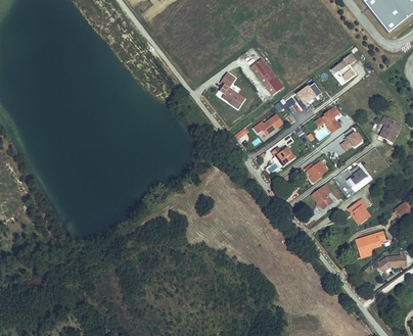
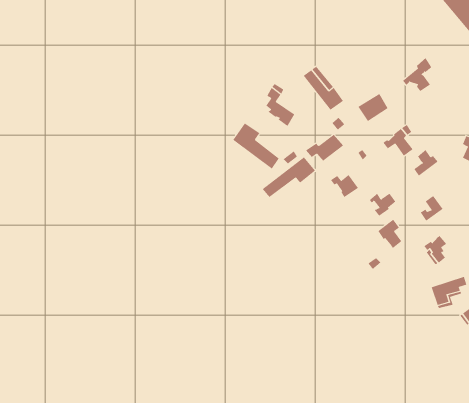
building: none -> [232,122,279,169]
building: none -> [262,156,316,198]

